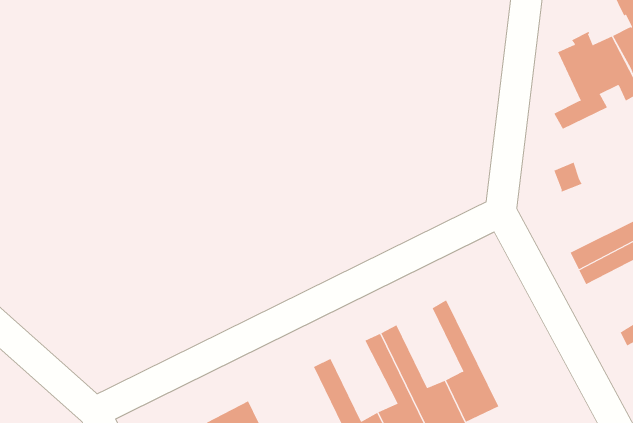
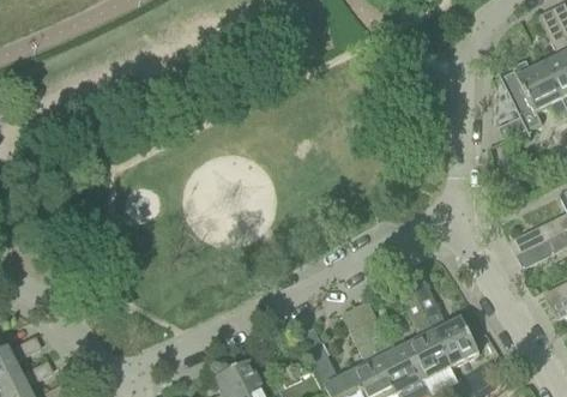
building: none -> [410,273,481,367]

